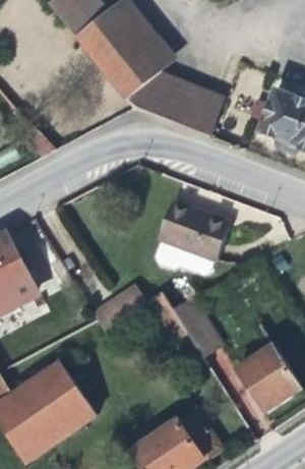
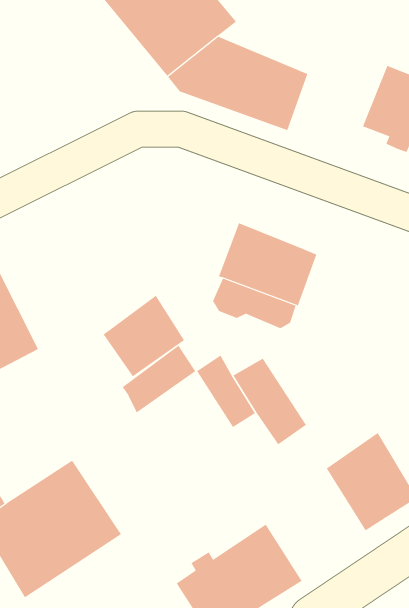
building: none -> [103,295,185,377]

